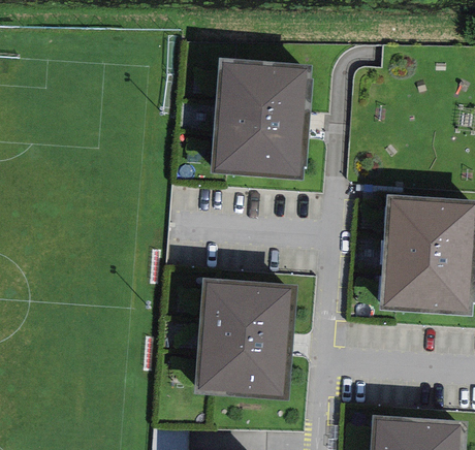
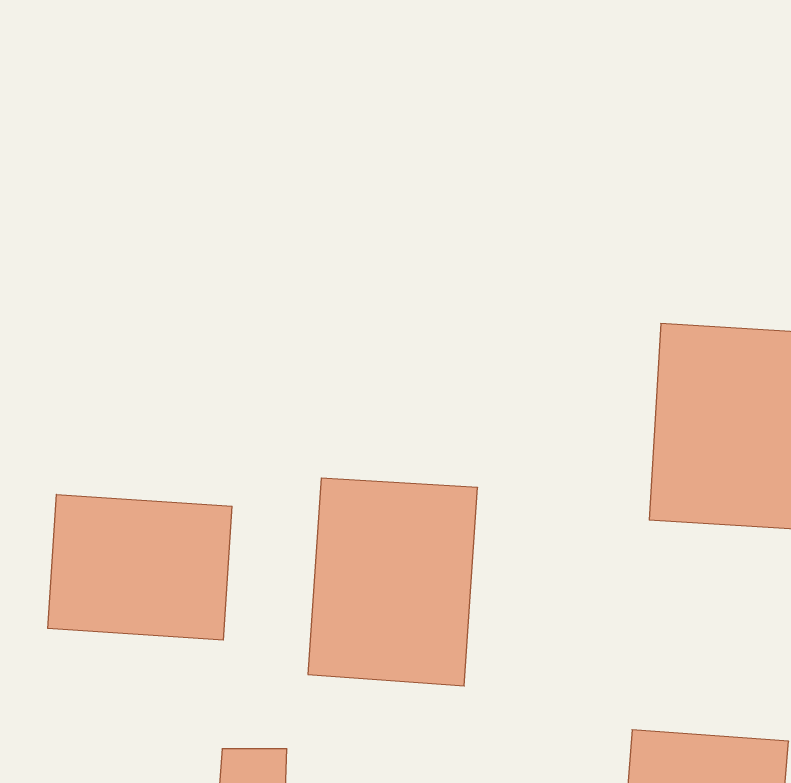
building: [216,62,308,175] -> none
building: none -> [48,494,232,640]

